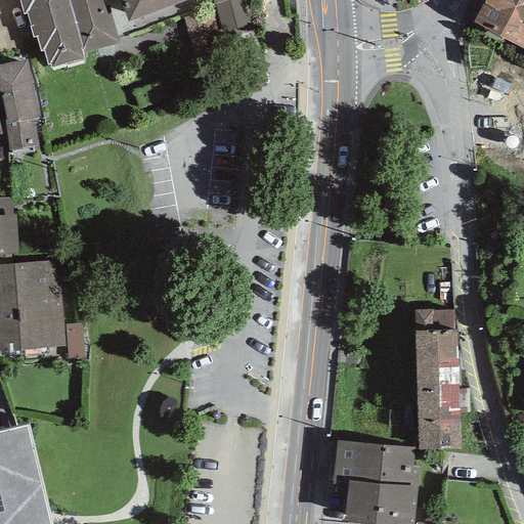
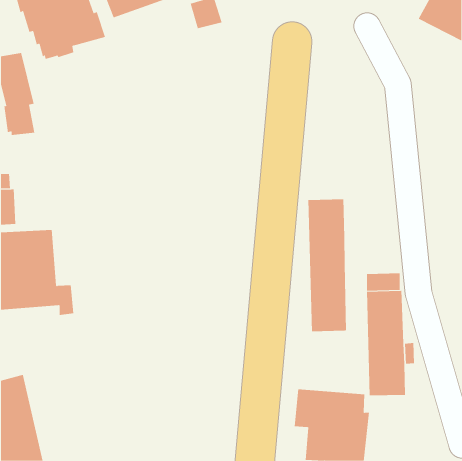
building: none -> [308,199,347,332]

